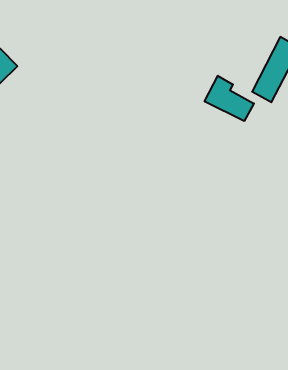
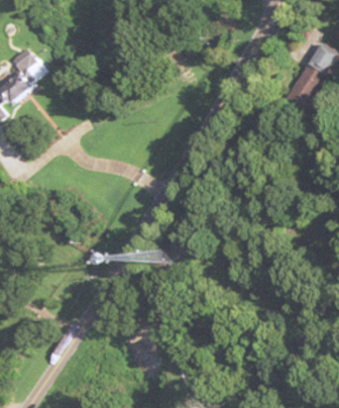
building: [205,76,254,121] -> none

